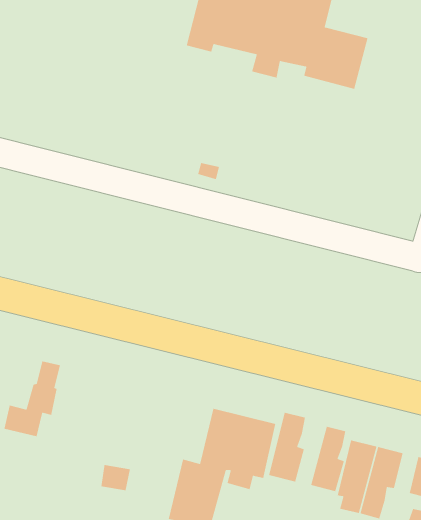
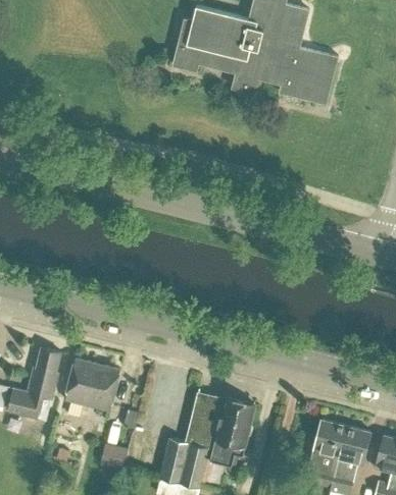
building: none -> [64,359,120,411]
building: [268,412,306,483] -> none
building: [310,426,346,492] -> none

